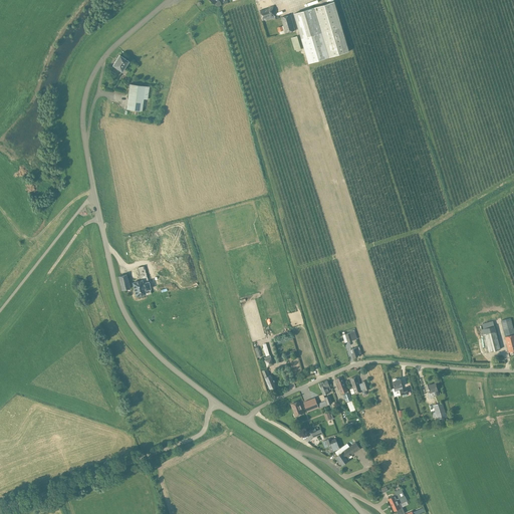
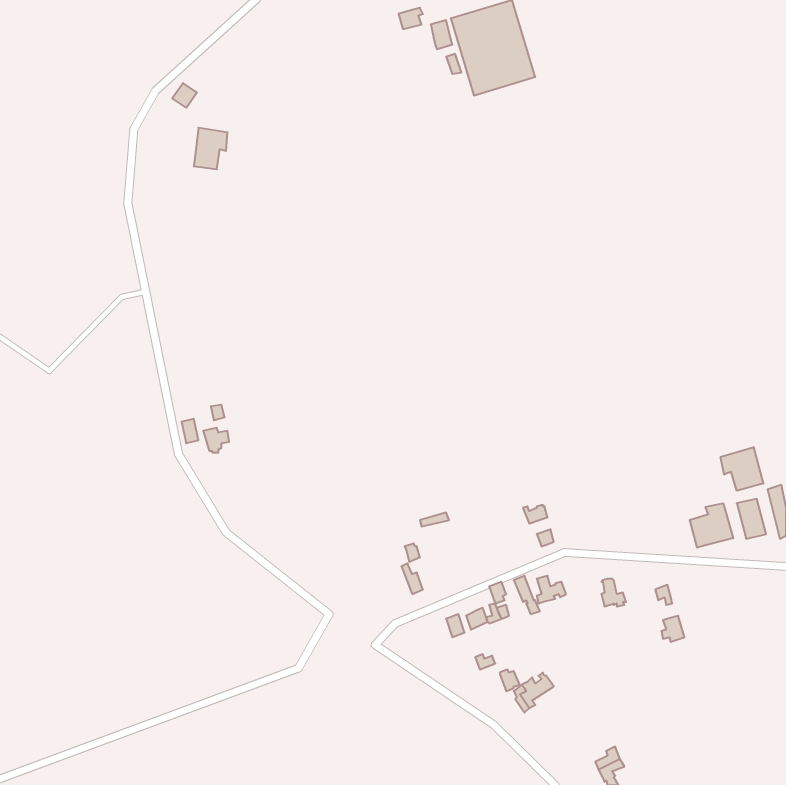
building: none -> [721,447,763,491]
building: none -> [690,503,733,548]

